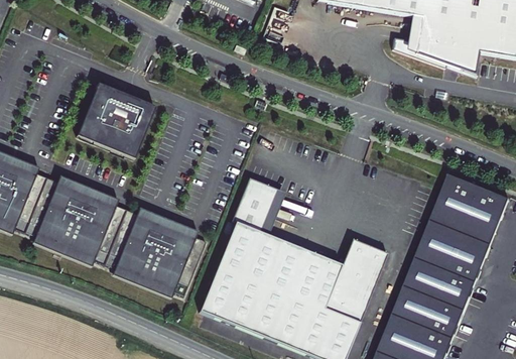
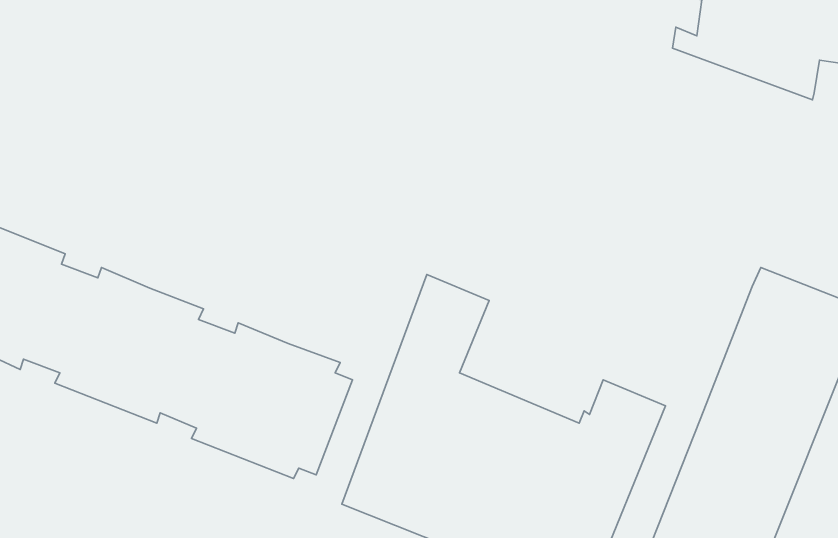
building: [79,82,156,157] -> none

